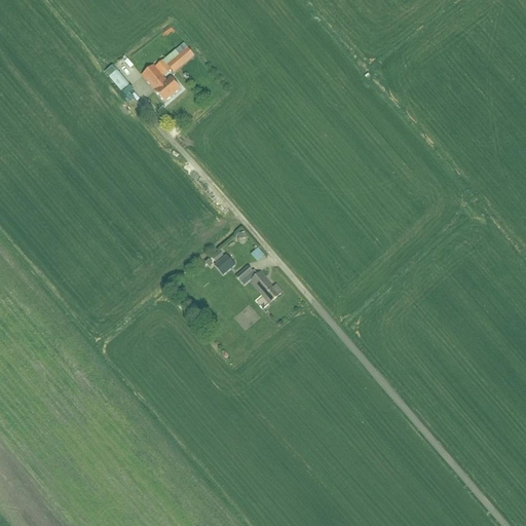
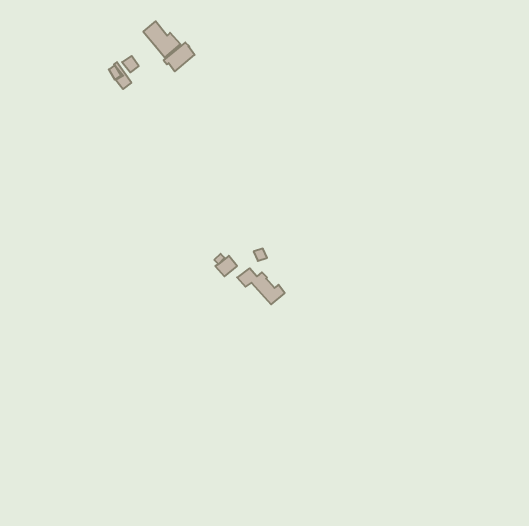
building: [143,65,180,101] -> [143,21,180,58]

